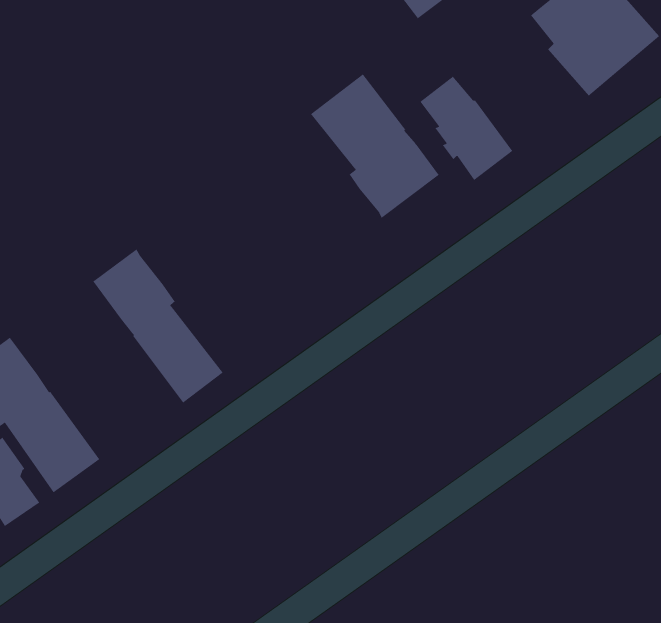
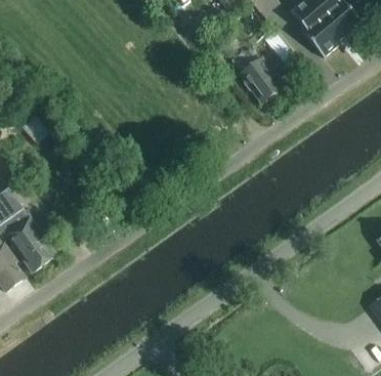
building: [310,74,439,219] -> none
building: [92,248,223,404] -> none

